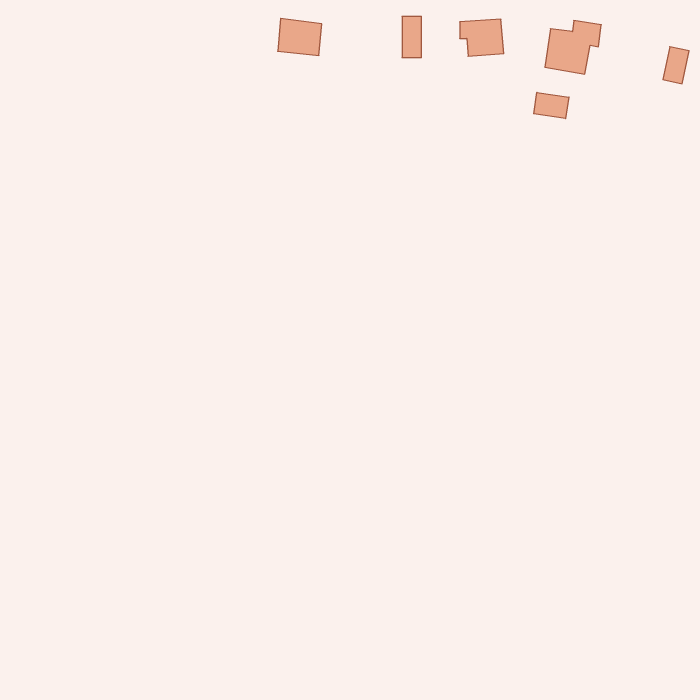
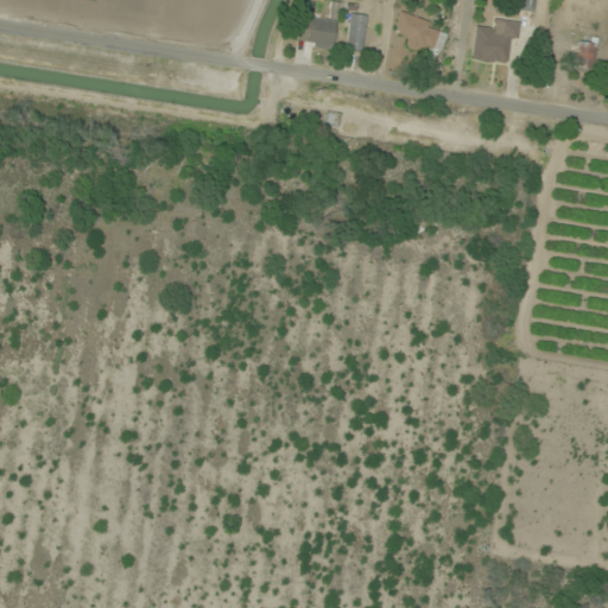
building: [278,18,322,55] -> [299,15,337,48]
building: [534,92,569,119] -> none

